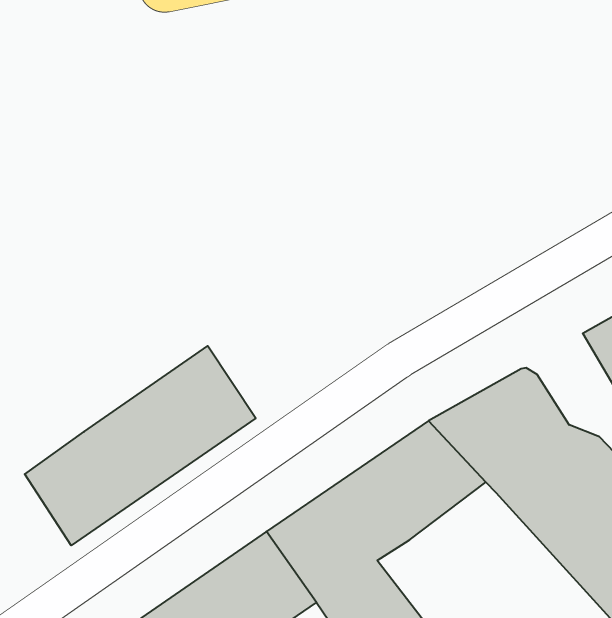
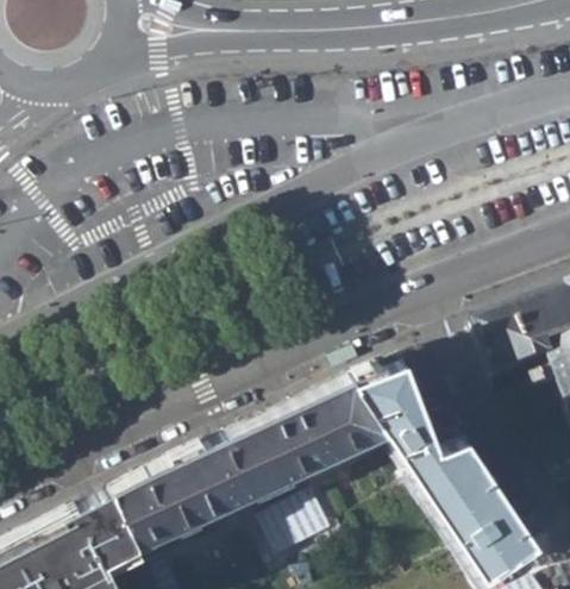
building: [25,346,256,545] -> none

